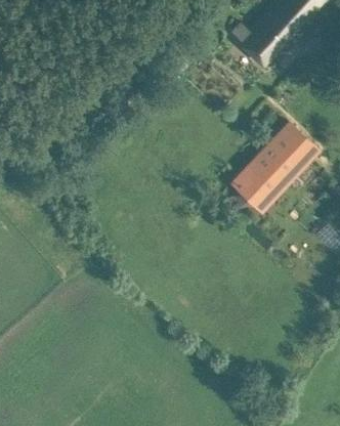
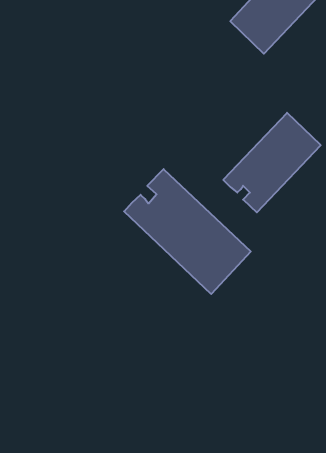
building: none -> [124,169,251,294]

